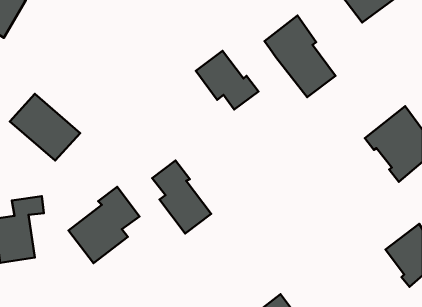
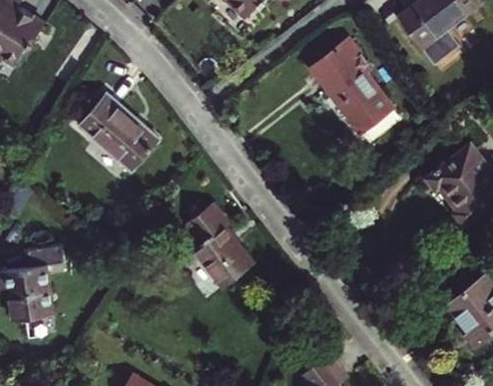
building: [196,51,258,110] -> none
building: [10,94,80,161] -> [78,94,157,169]
building: [69,187,140,263] -> none

